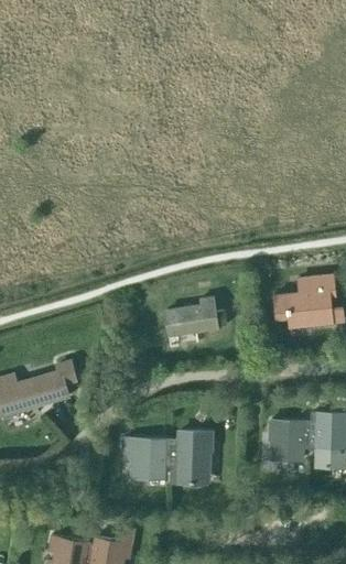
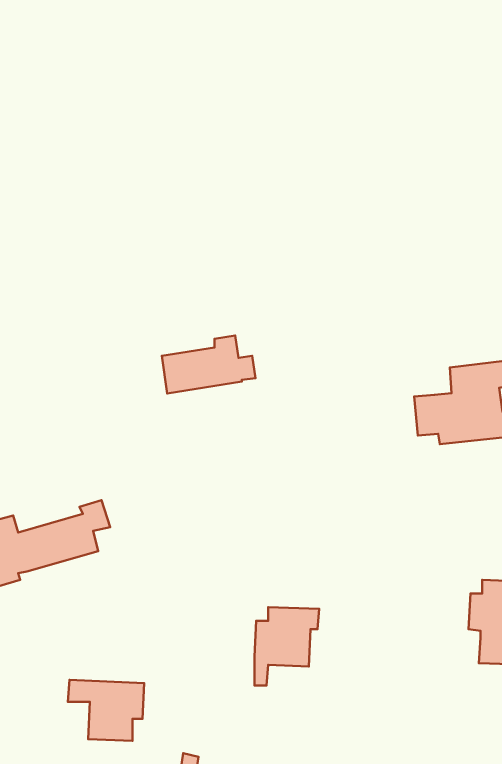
building: [165,297,226,335] -> [162,336,255,393]
building: [269,422,310,460] -> none
building: [121,438,171,478] -> [68,680,144,741]

